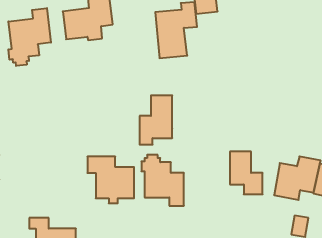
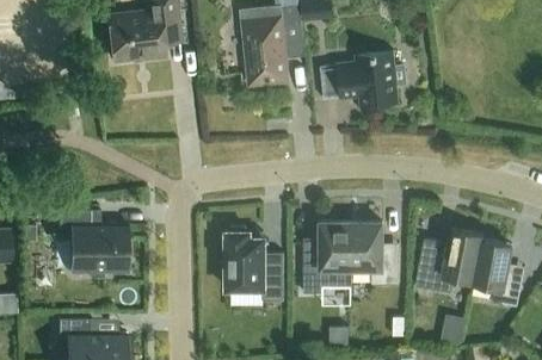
building: [8,8,51,66] -> none
building: none -> [320,52,405,106]
building: [140,95,172,145] -> [303,222,351,293]
building: [87,157,134,203] -> [58,210,127,278]

